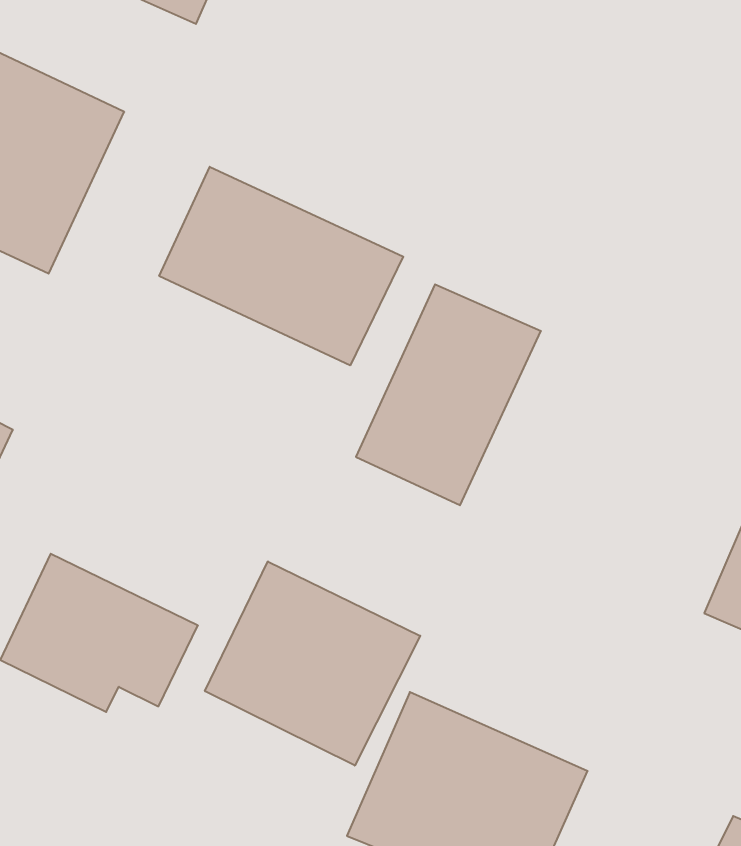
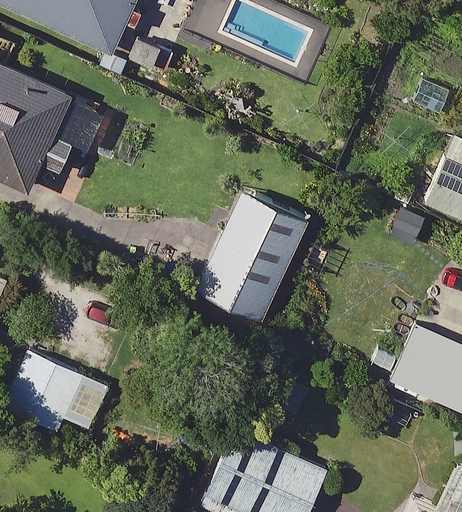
building: [159,167,403,365] -> none
building: [205,561,420,766] -> none

